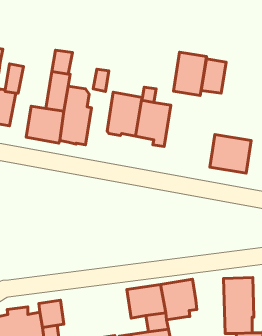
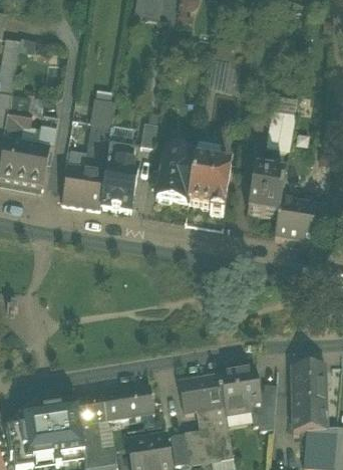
building: [174,52,206,95] -> [247,166,285,216]
building: none -> [101,384,153,419]
building: none -> [250,384,276,426]

